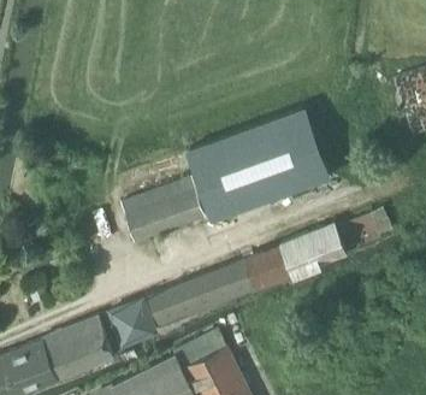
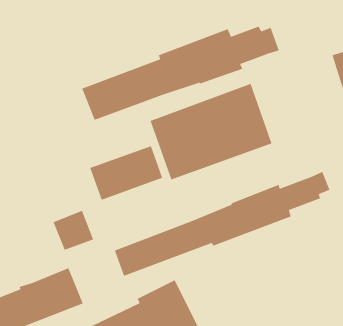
building: none -> [81,25,280,121]
building: [108,300,155,346] -> [53,210,94,251]

